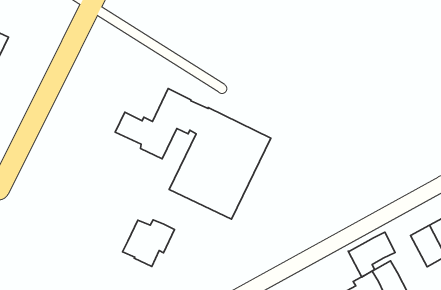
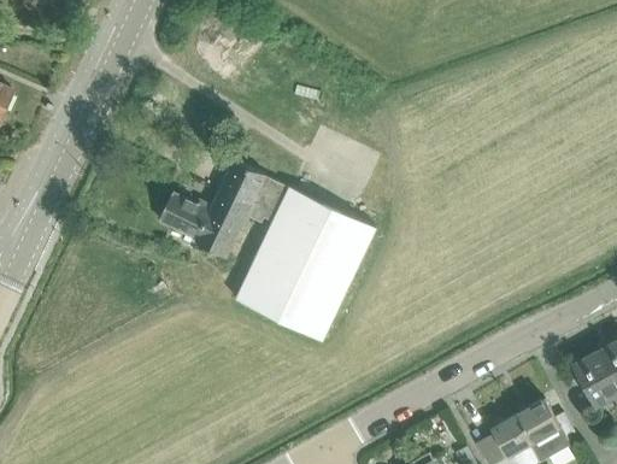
building: [122,220,174,266] -> none
building: [348,232,395,277] -> none

